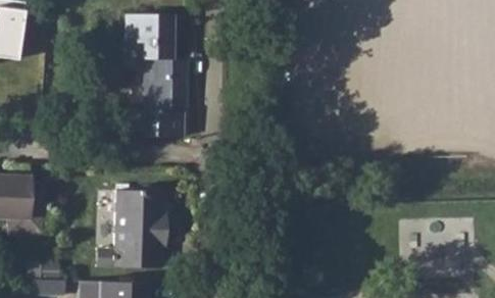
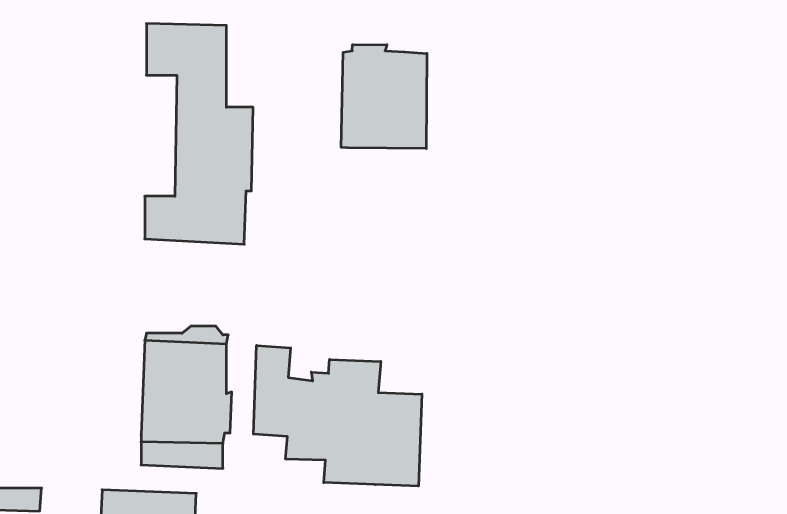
building: none -> [341,45,427,149]
building: none -> [253,345,422,486]

